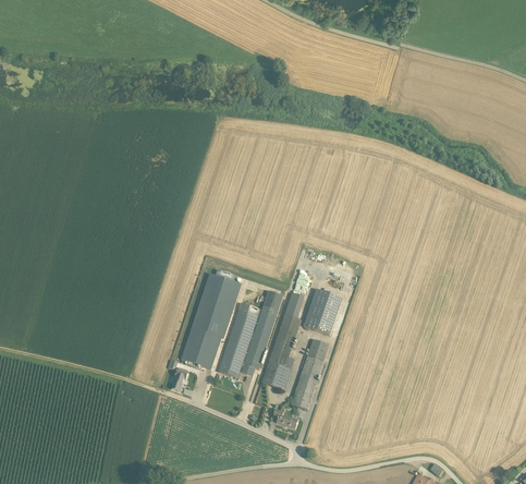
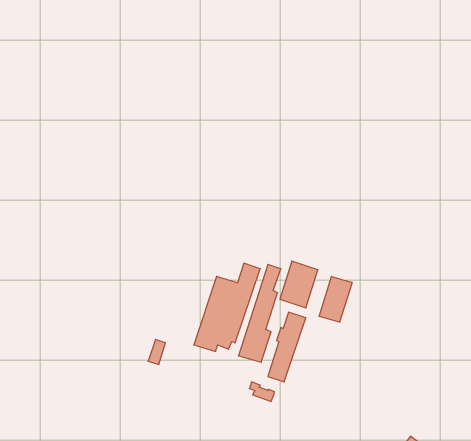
building: [181,269,241,370] -> none
building: none -> [319,276,352,322]

